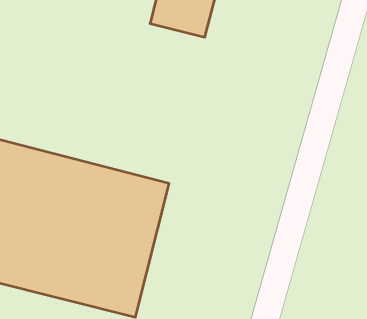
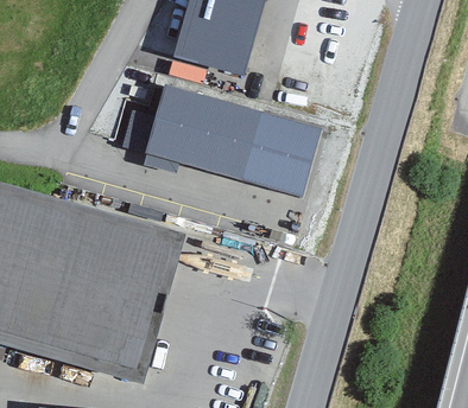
building: none -> [144,88,311,190]

